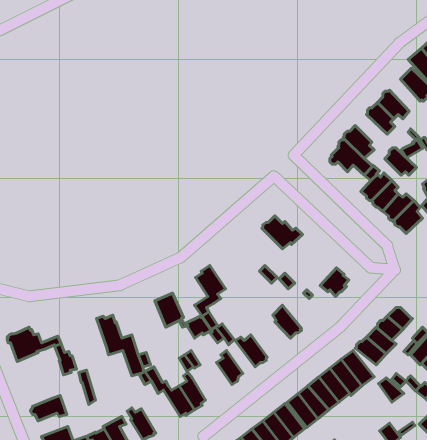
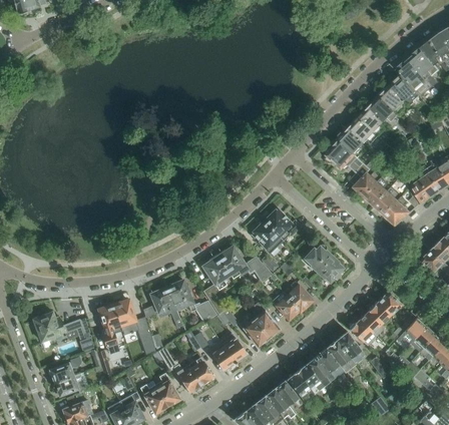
building: none -> [380,85,408,114]
building: [385,148,417,175] -> [349,117,378,142]
building: none -> [252,221,283,252]
building: none -> [304,245,332,273]
building: none -> [216,247,272,282]
building: none -> [286,282,312,312]
building: none -> [150,287,176,316]
building: none -> [254,302,280,338]
building: none -> [99,303,122,345]
building: none -> [208,340,237,369]
building: none -> [49,357,80,383]
building: none -> [154,374,179,407]

